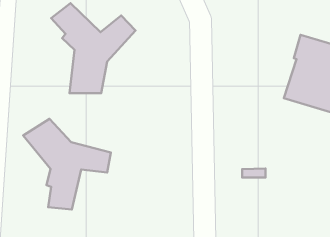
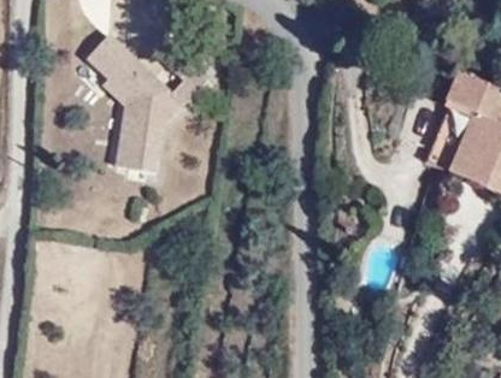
building: [23,119,111,210] -> none

